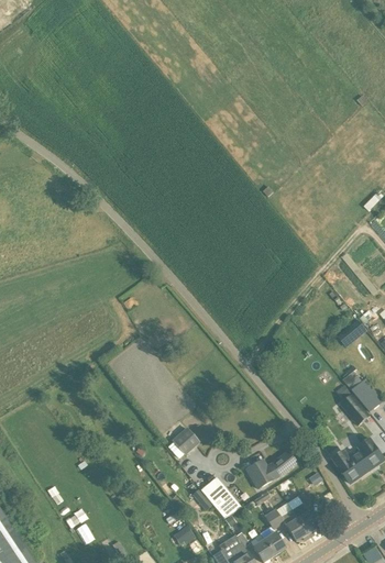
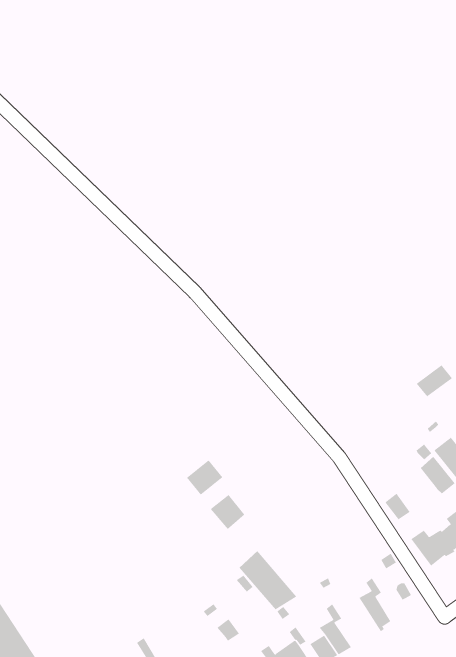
building: none -> [186,460,223,496]
building: [244,451,295,489] -> none
building: [270,501,308,541] -> none

